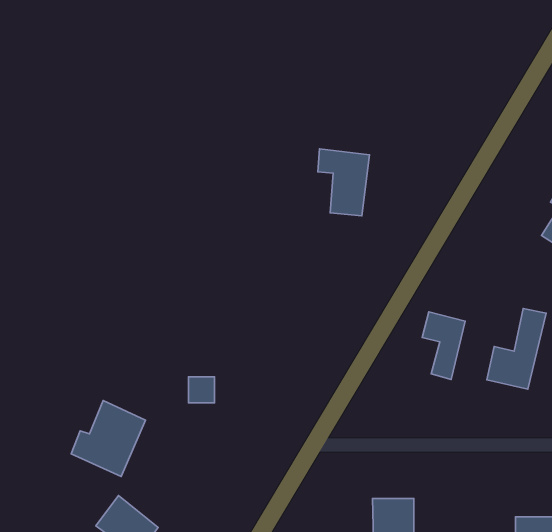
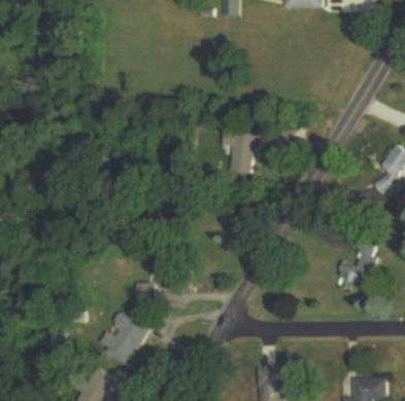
building: [422,312,465,379] -> none
building: [71,401,146,477] -> [99,308,149,360]

